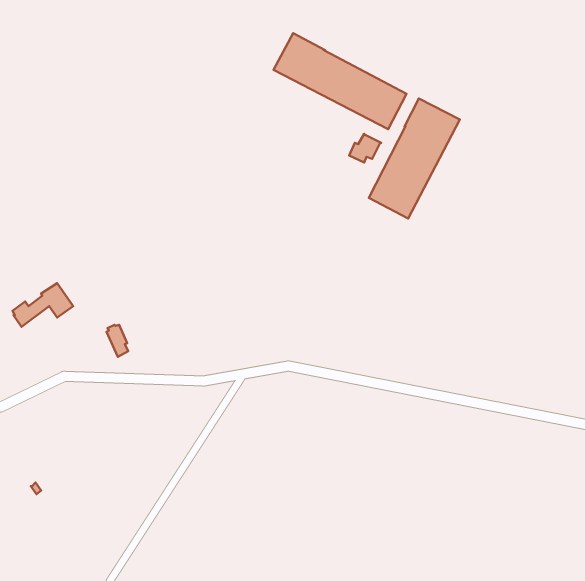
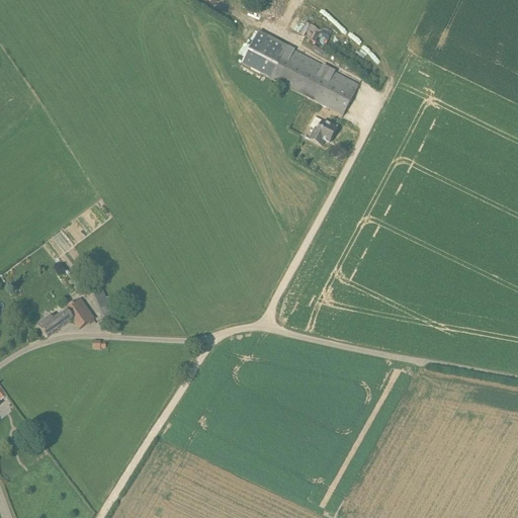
building: [369,98,460,218] -> none
building: [12,283,73,327] -> [39,297,93,336]

